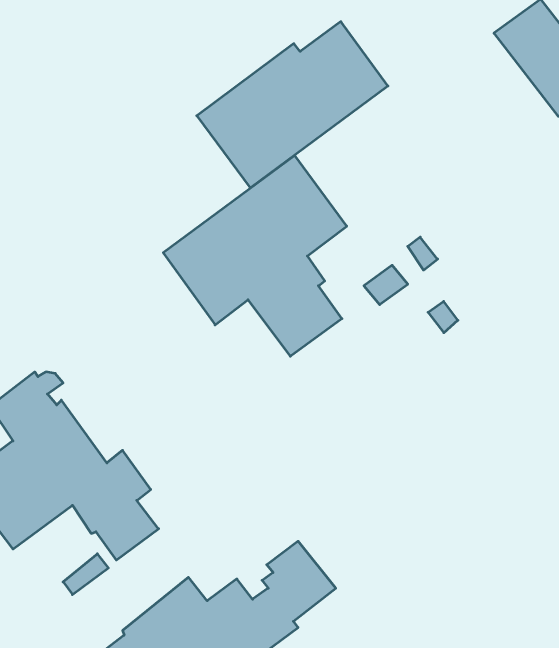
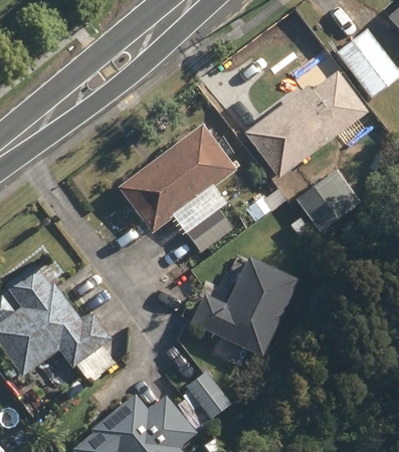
building: [197,22,388,188] -> [245,70,368,177]
building: none -> [295,172,355,231]
building: none -> [190,256,298,356]

